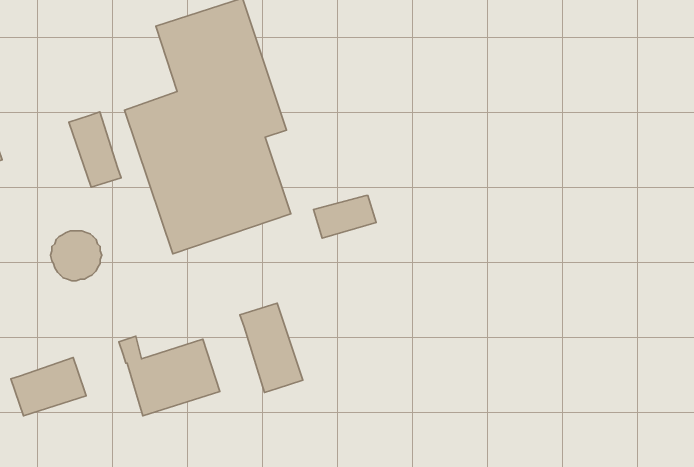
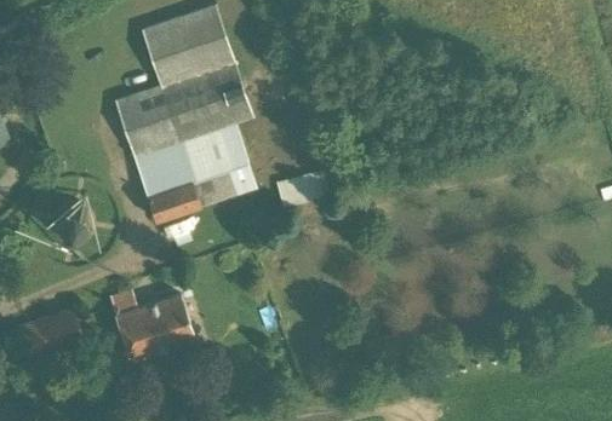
building: [69,112,121,187] -> none
building: [240,303,303,393] -> none

